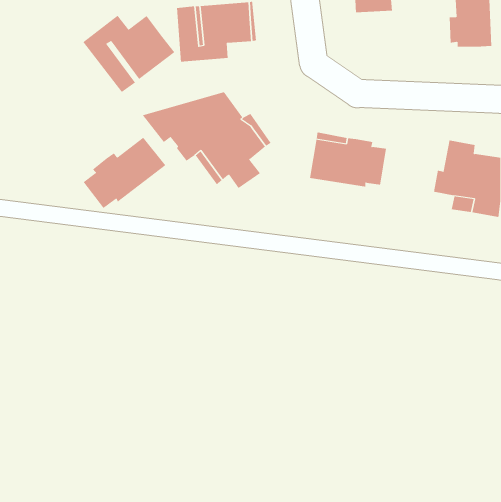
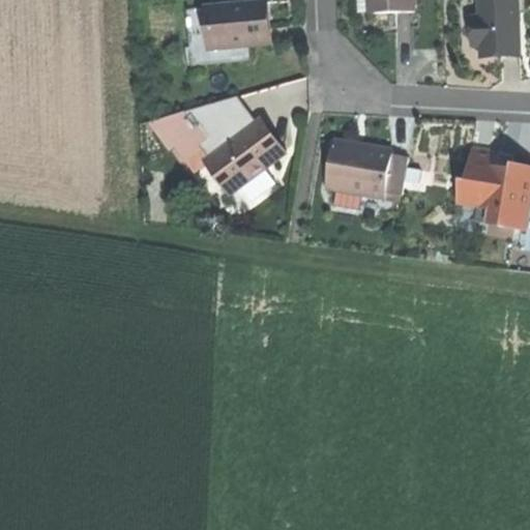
building: [82,15,175,93] -> none
building: [83,137,166,209] -> none

